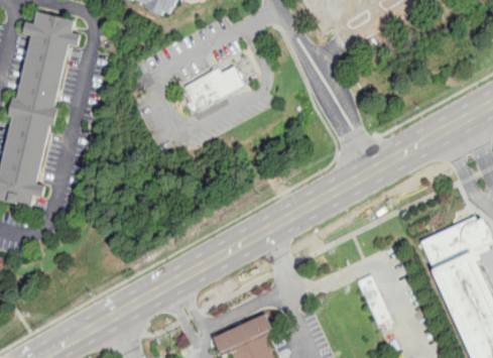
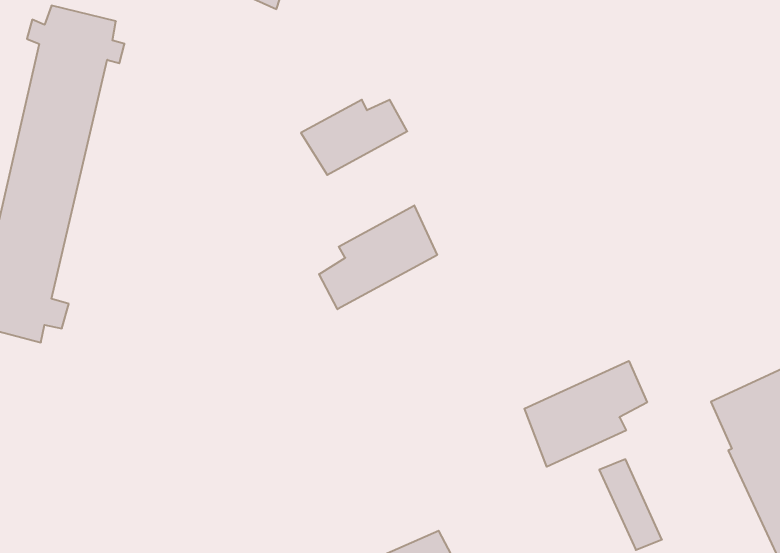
building: none -> [319,205,437,309]
building: none -> [524,361,647,467]

